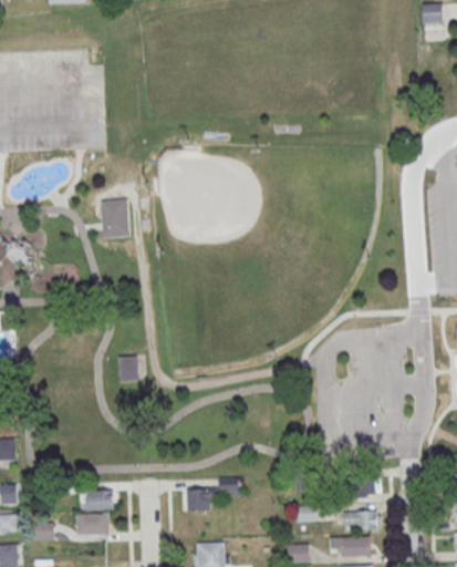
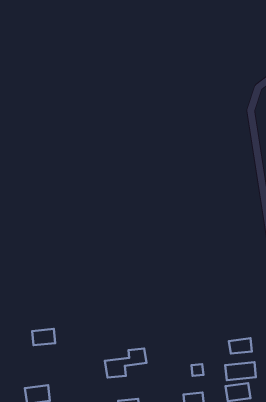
building: [100,199,129,237] -> none
building: [117,357,138,382] -> none
building: [85,491,114,509] -> [32,329,55,345]

